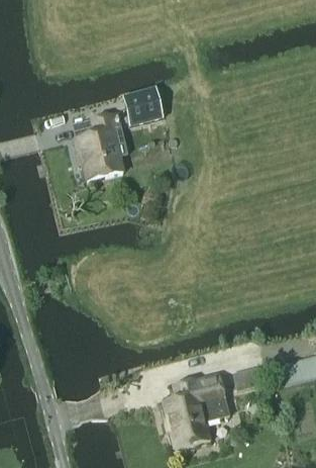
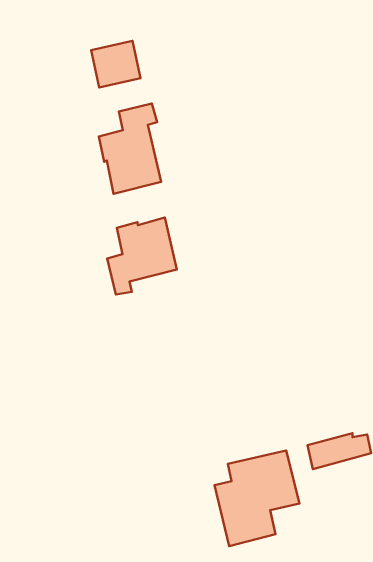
building: [124,88,162,123] -> [91,41,140,87]
building: none -> [107,217,177,295]

